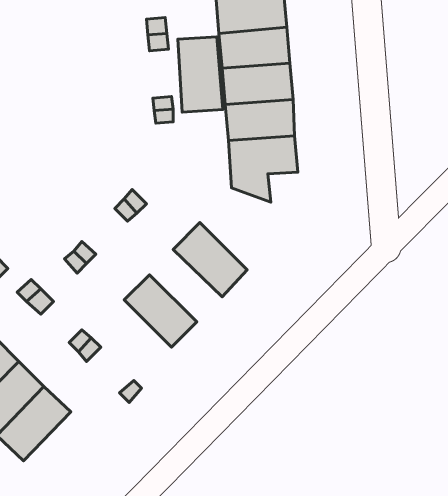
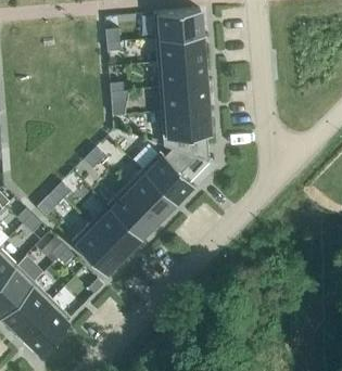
building: [178,37,223,112] -> none
building: none -> [144,151,198,204]
building: none -> [110,190,160,240]
building: none -> [74,225,125,276]
building: none -> [23,302,73,353]

